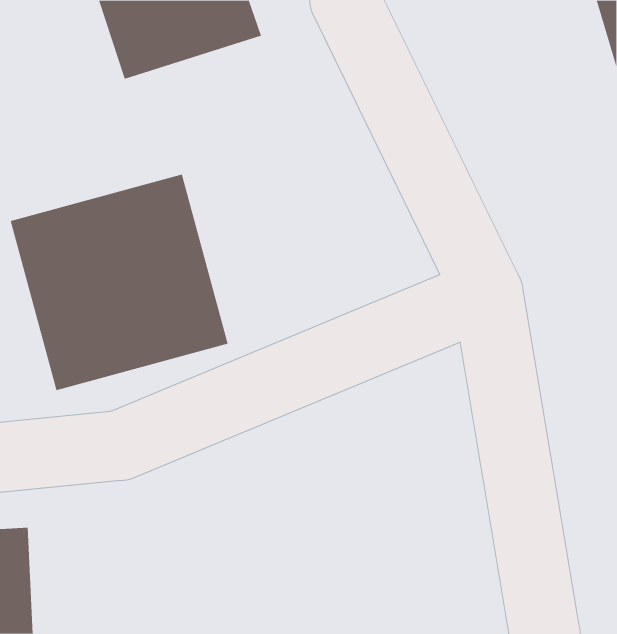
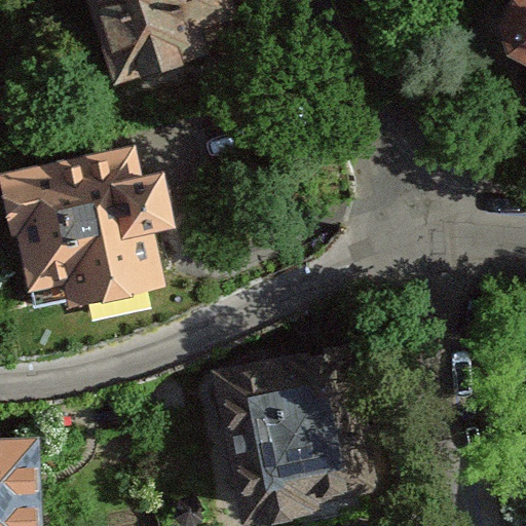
building: none -> [203,340,362,508]

